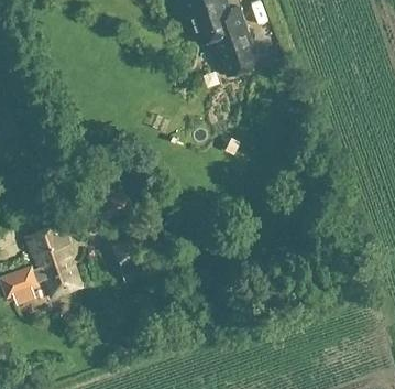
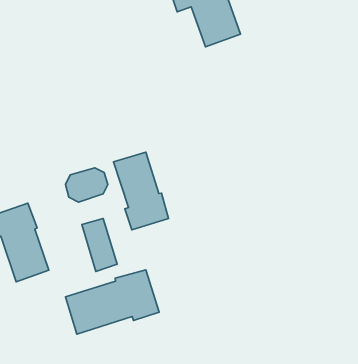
building: none -> [114,152,168,230]
building: none -> [65,270,159,334]

